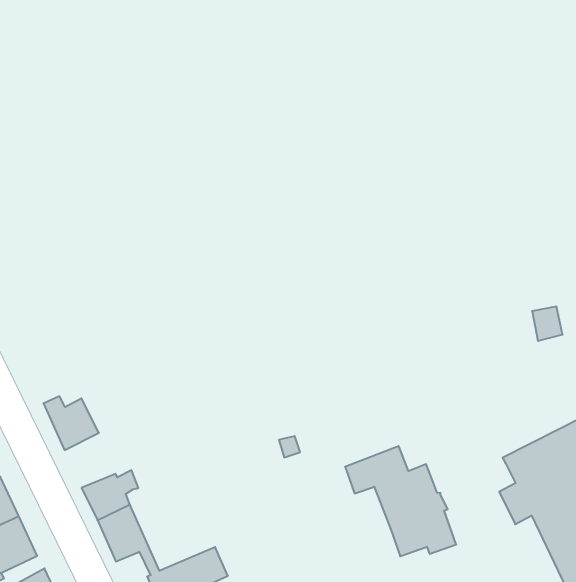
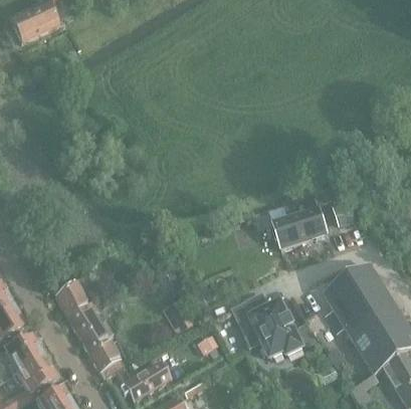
building: none -> [272,191,327,249]
building: none -> [67,299,98,336]

